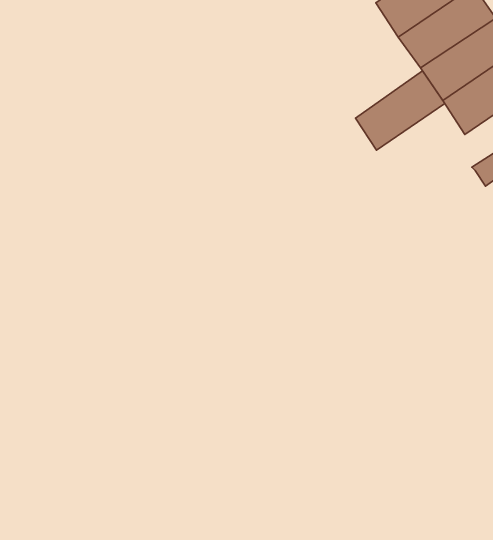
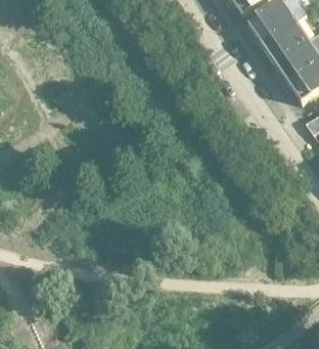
building: [356,71,445,150] -> none

